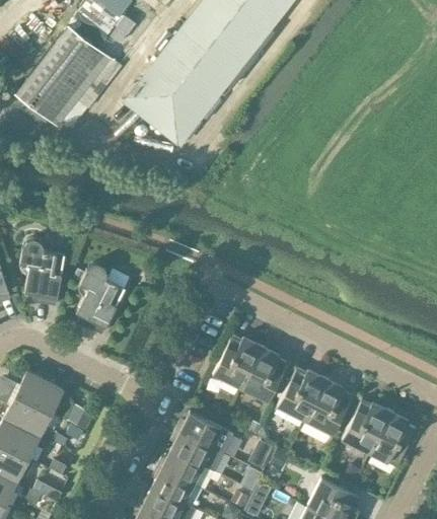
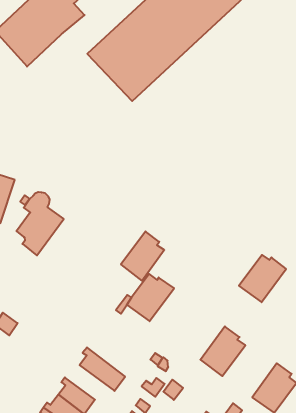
building: [241,347,287,402] -> [121,231,164,281]
building: [277,369,326,422] -> [239,255,286,302]
building: [342,402,391,454] -> none
building: [176,413,234,454] -> none
building: [157,450,215,486] -> none

